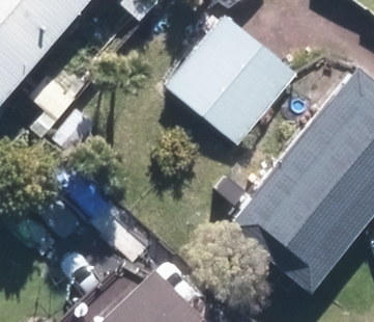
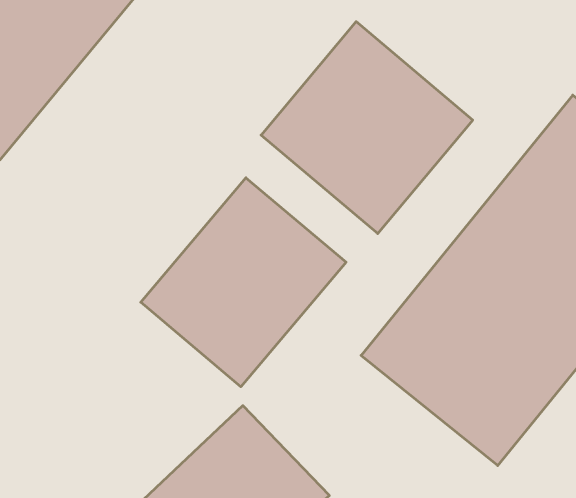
building: none -> [141,178,346,387]

